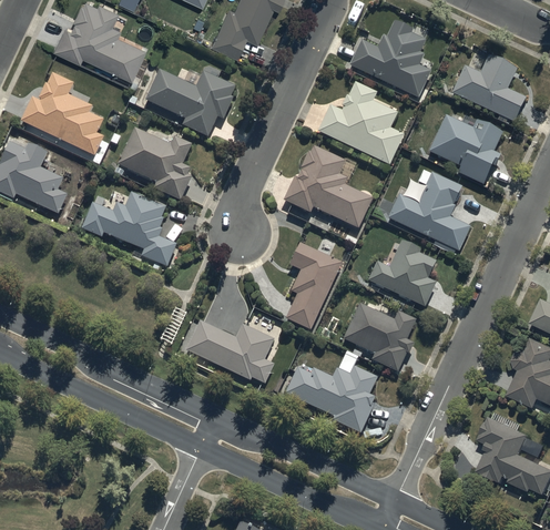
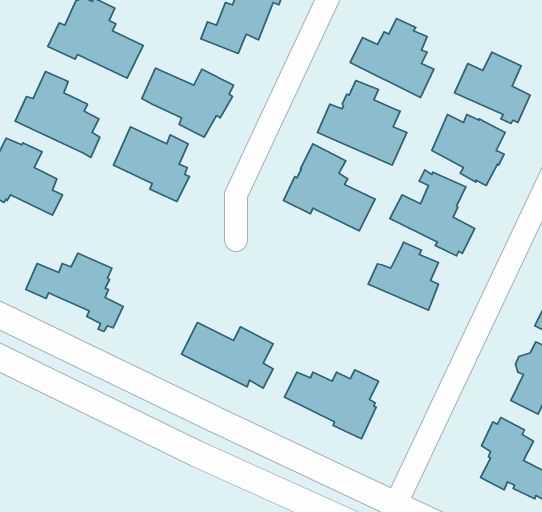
building: [81,192,176,268] -> [26,253,123,331]
building: [285,243,340,328] -> none
building: [343,303,416,370] -> none

